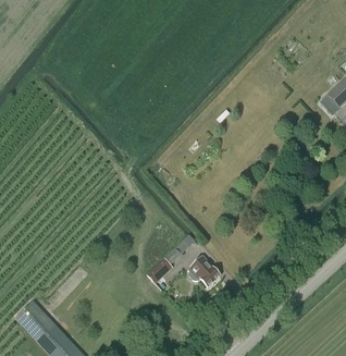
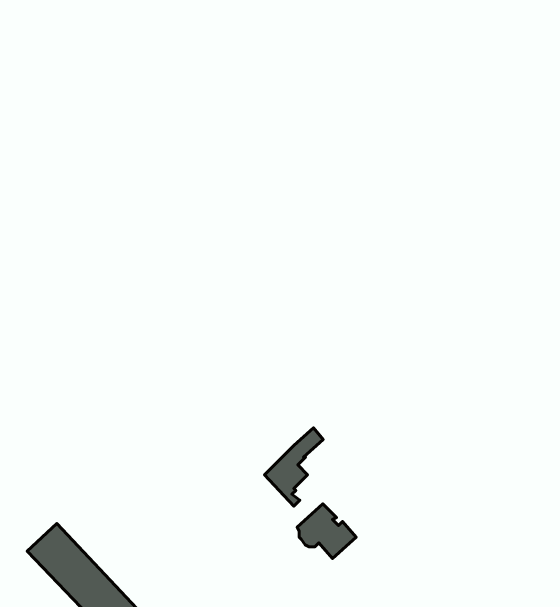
building: [188,255,221,285] -> [297,504,356,559]

